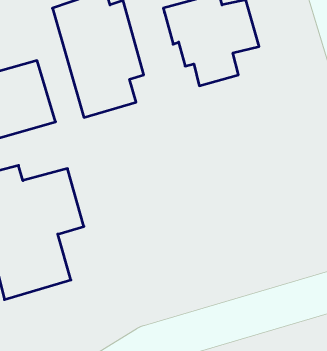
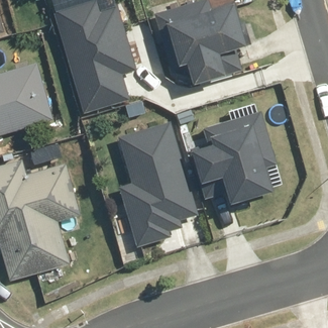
building: none -> [188,108,277,206]
building: none -> [118,121,195,246]

